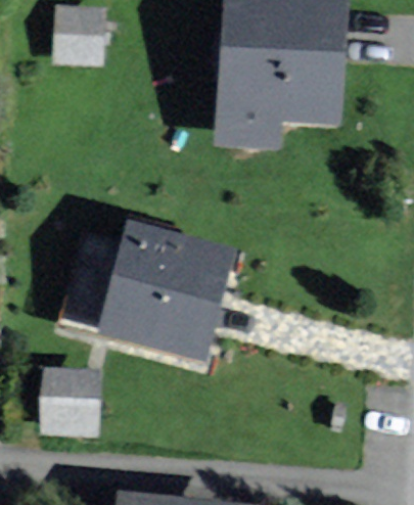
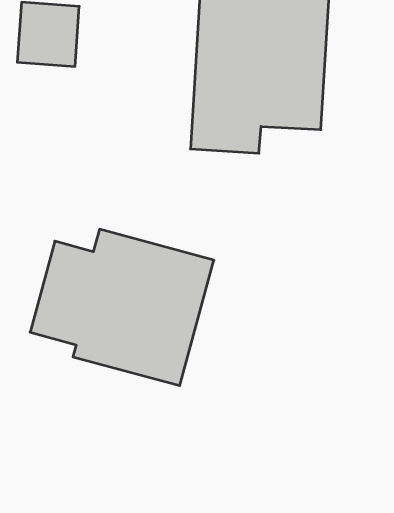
building: [39,370,101,434] -> none

